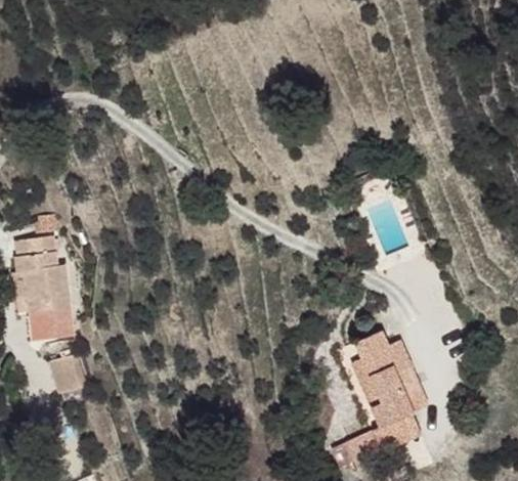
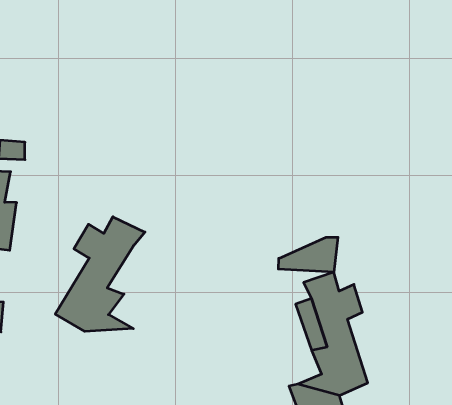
building: none -> [278,237,338,272]
building: none -> [55,217,145,331]

